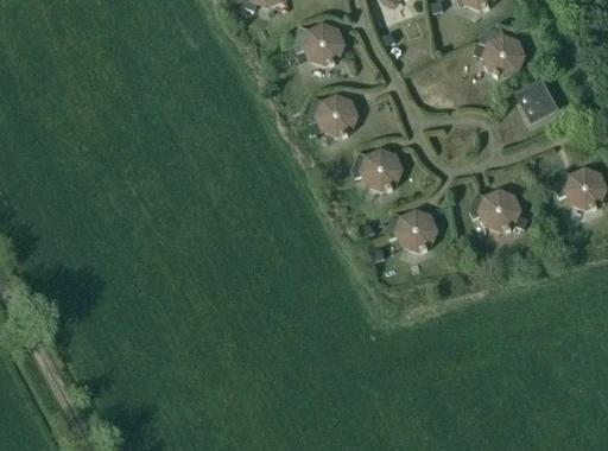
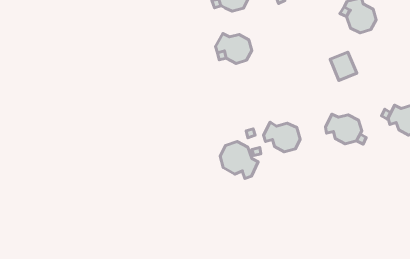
building: [518,81,557,121] -> [330,52,357,81]
building: [352,148,403,190] -> none
building: none -> [220,142,258,179]

